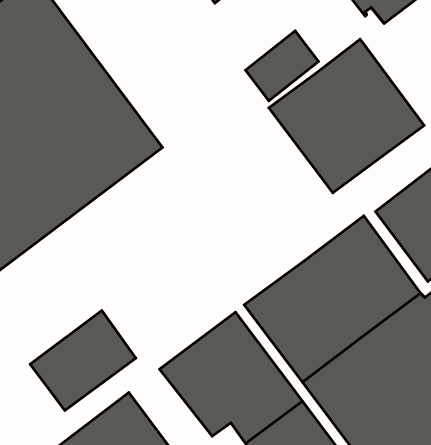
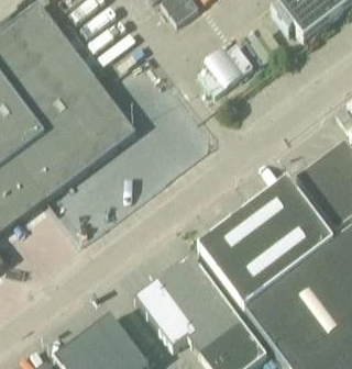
building: [269,39,424,193] -> none
building: [30,310,136,410] -> none

